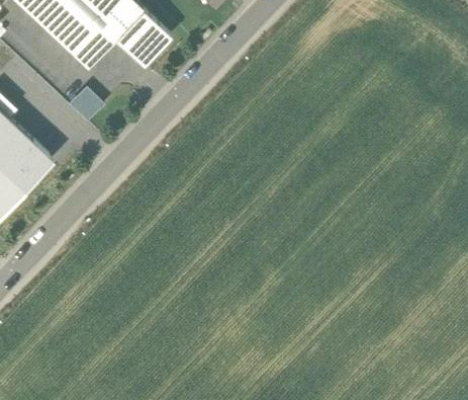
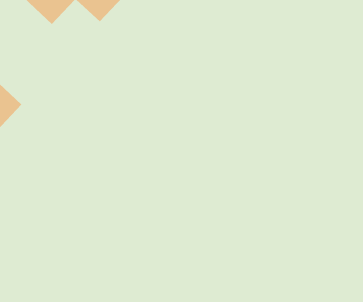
building: [67,85,105,123] -> none

